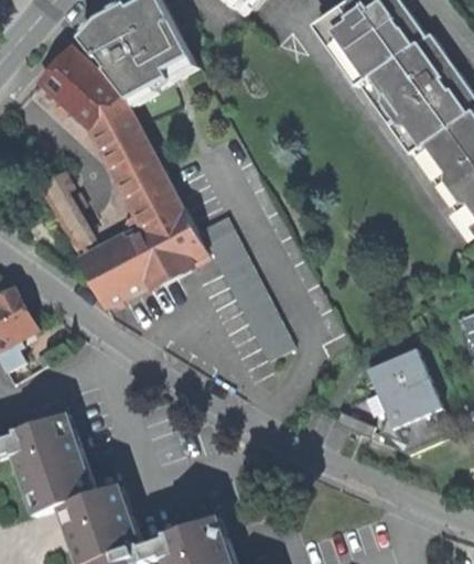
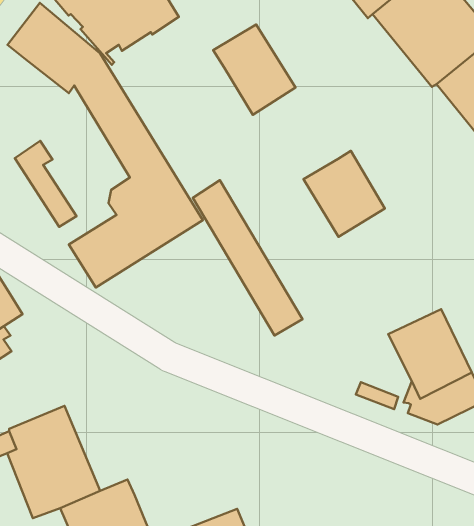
building: none -> [213,24,295,115]
building: none -> [303,151,385,237]

